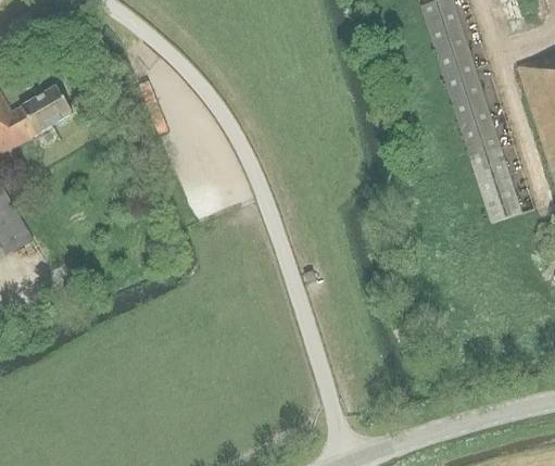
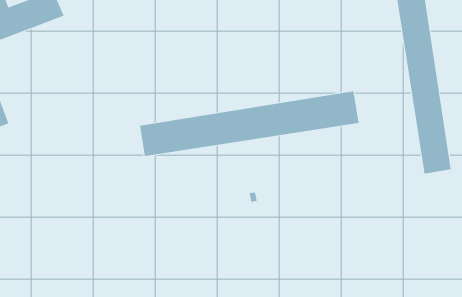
building: none -> [140,91,359,157]

